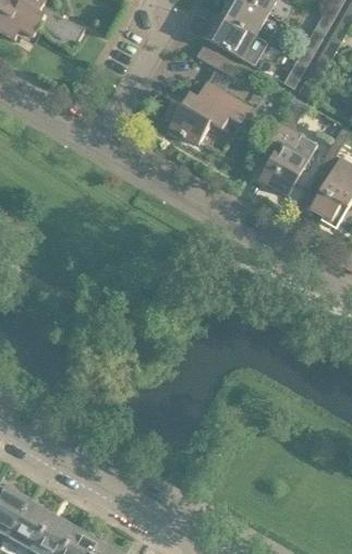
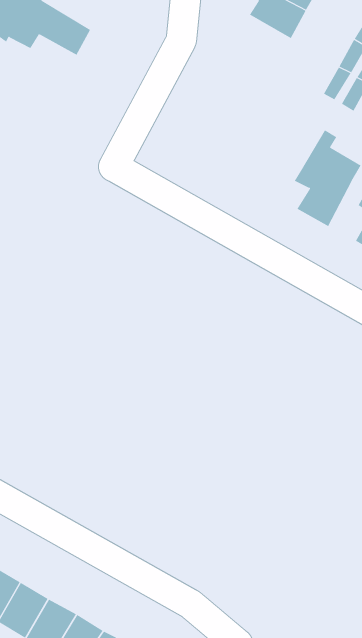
building: [206,13,263,64] -> none
building: [160,45,250,145] -> none

